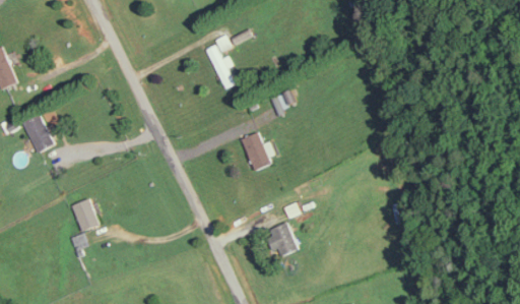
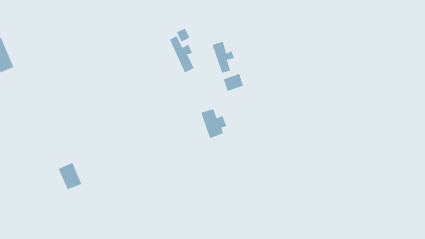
building: none -> [212,41,234,73]
building: [22,113,55,154] -> none
building: [266,222,298,255] -> none

